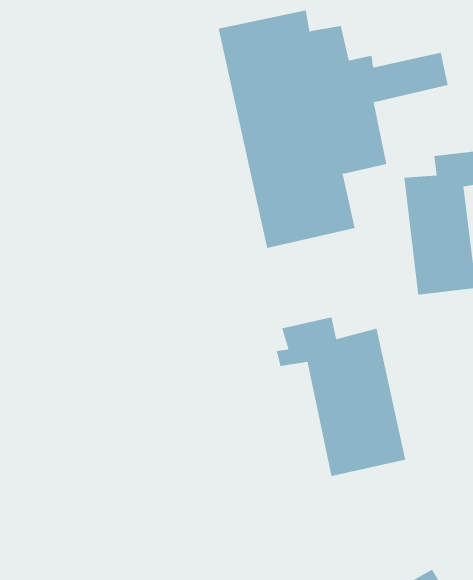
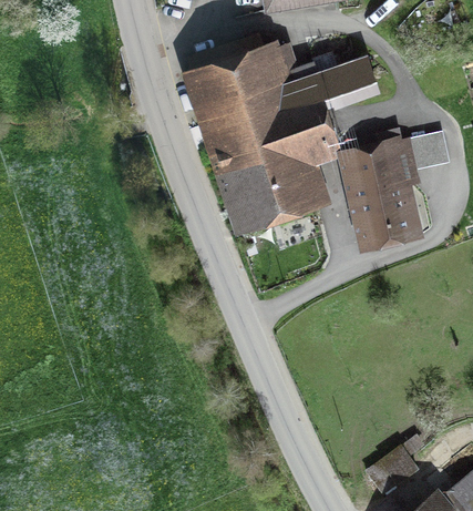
building: [276,317,406,477] -> none

